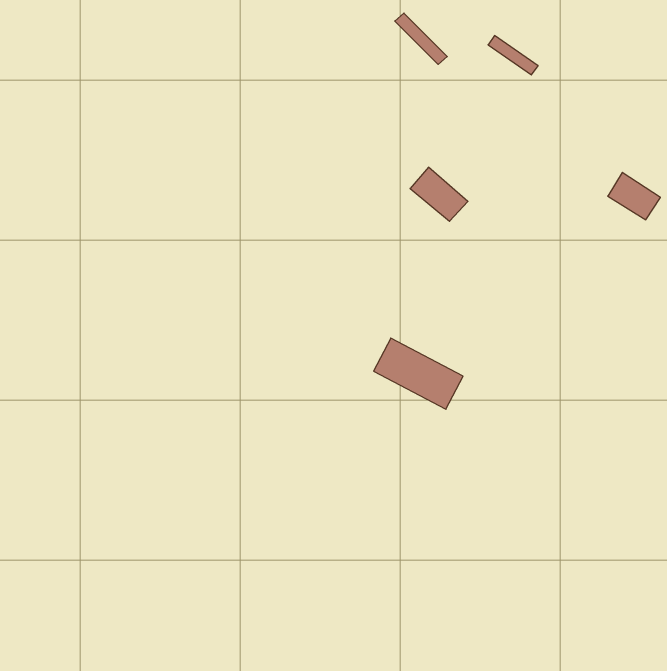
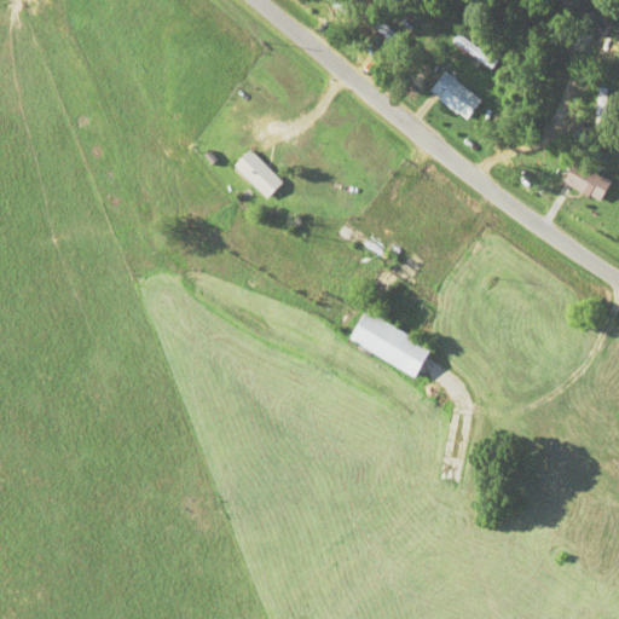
building: none -> [233,150,283,199]
building: [410,167,468,221] -> [429,71,482,121]

